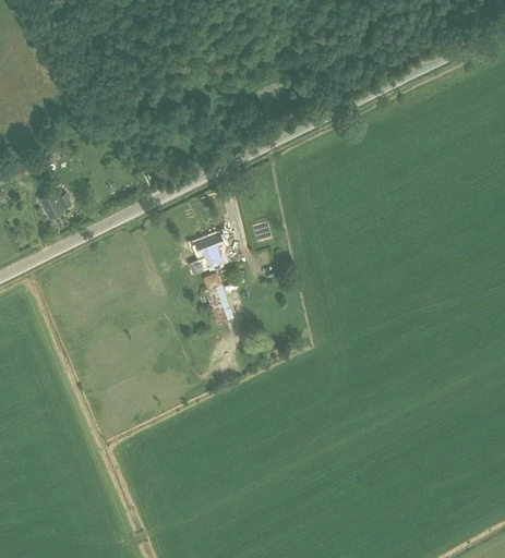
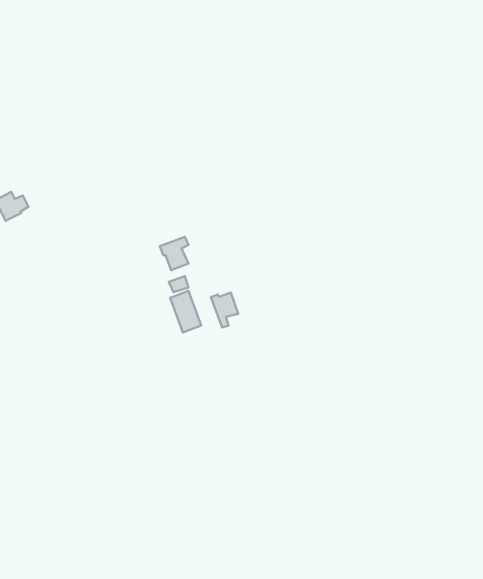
building: none -> [211,293,238,327]

